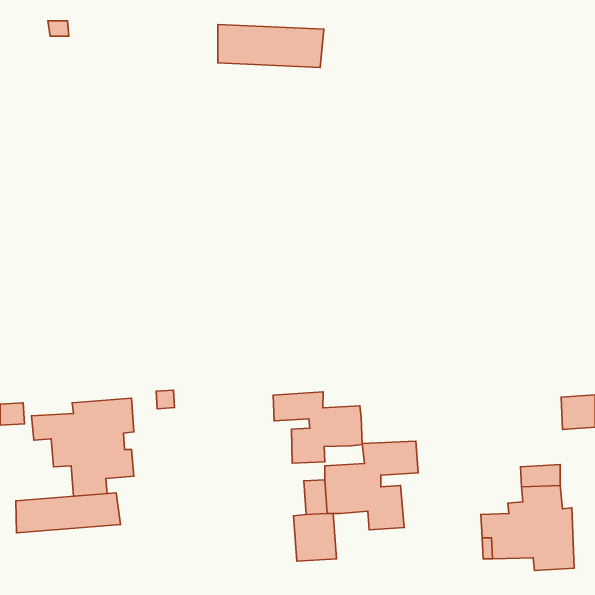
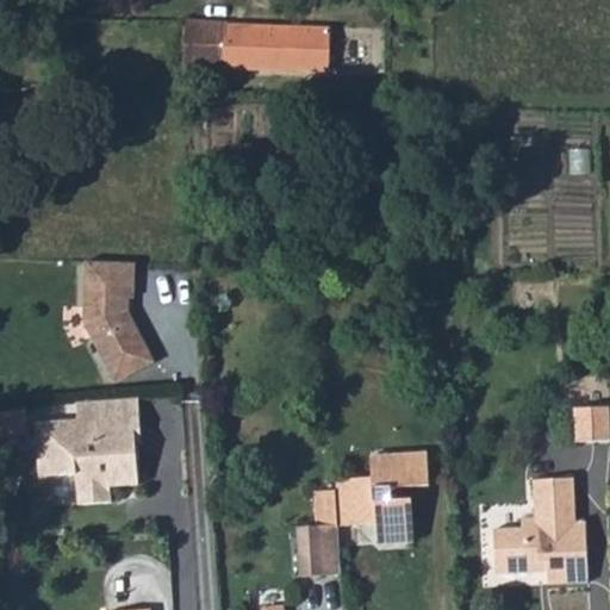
building: none -> [181,23,223,64]
building: none -> [80,261,150,382]
building: [273,392,362,463] -> none
building: [16,493,121,533] -> none

